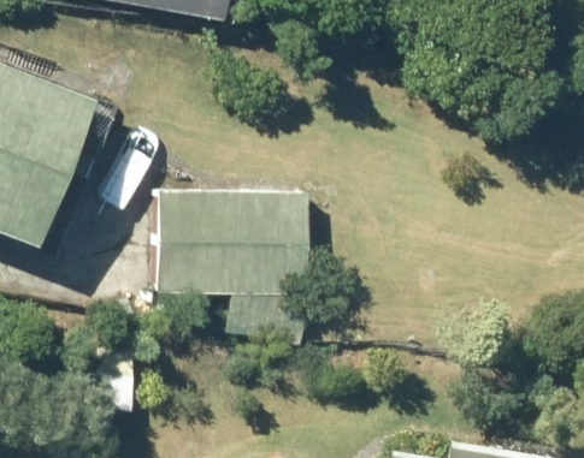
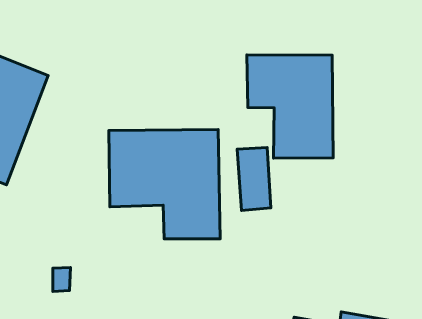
building: none -> [247,55,333,158]

